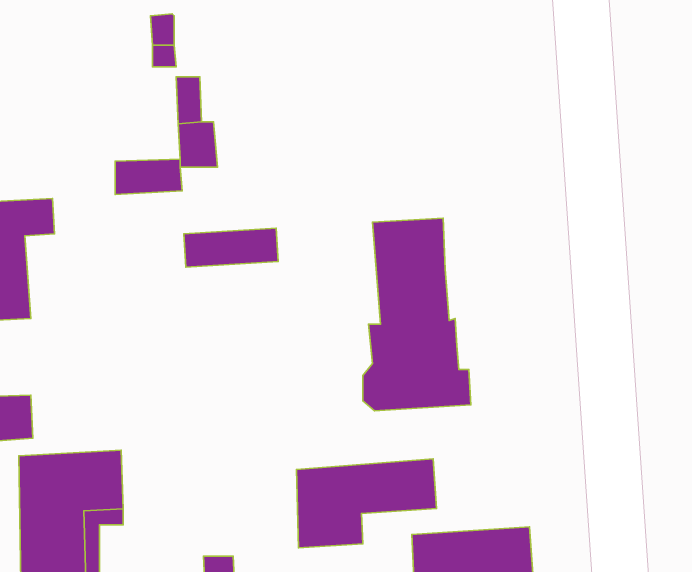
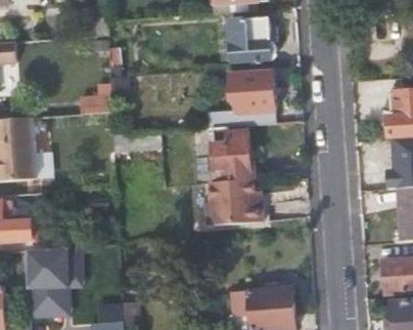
building: none -> [227,17,273,60]
building: none -> [208,67,275,129]
building: [296,459,436,548] -> none

